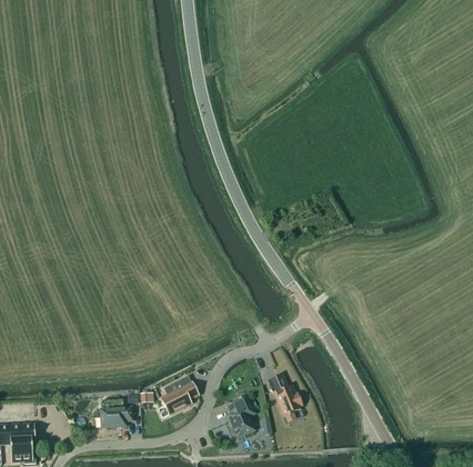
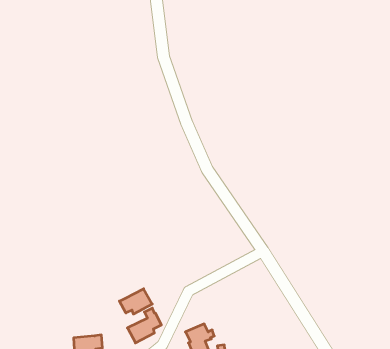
building: none -> [119,289,152,314]
building: [266,376,300,417] -> none

